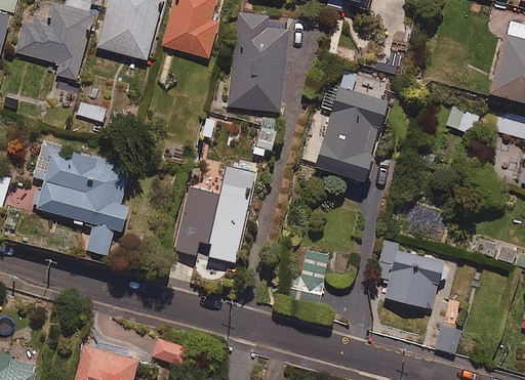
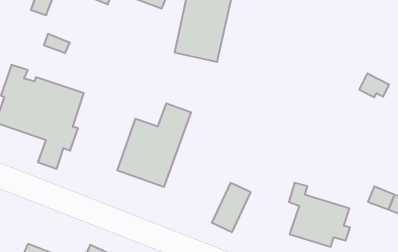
building: [314,72,387,181] -> none

